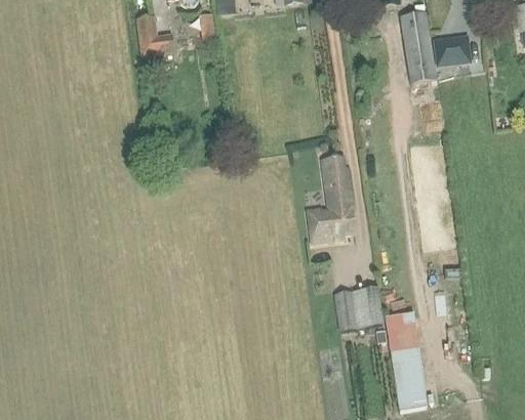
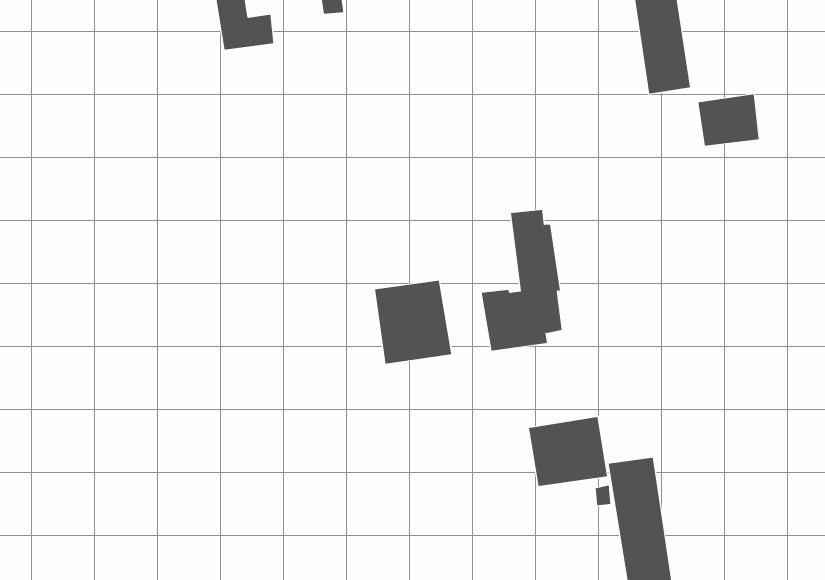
building: [432,34,471,67] -> [698,94,759,146]
building: none -> [375,280,452,364]

